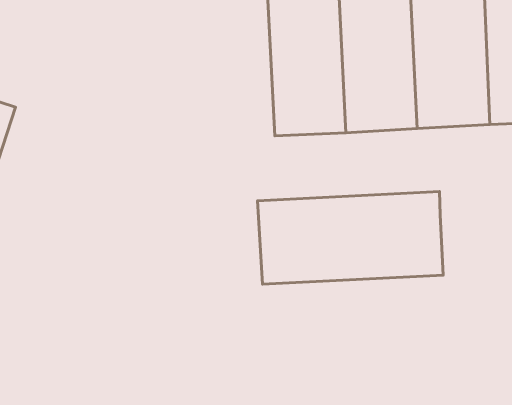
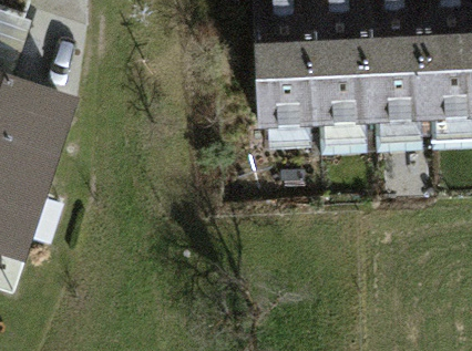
building: [258,192,443,284] -> none

